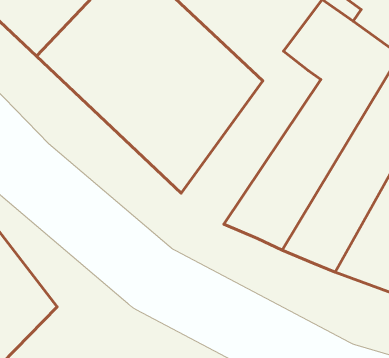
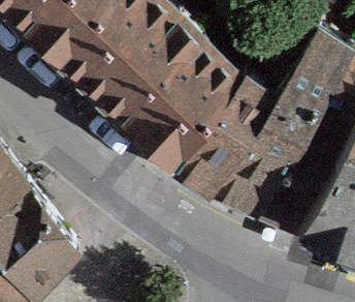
building: none -> [178,64,289,187]

